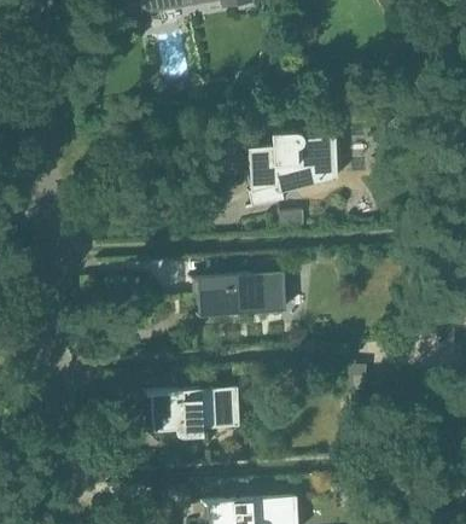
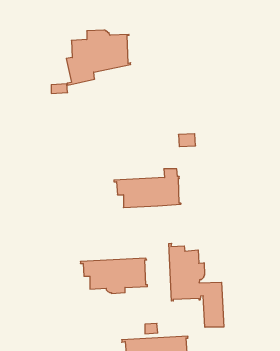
building: [244,130,334,208] -> [66,30,131,85]
building: none -> [169,243,224,327]

